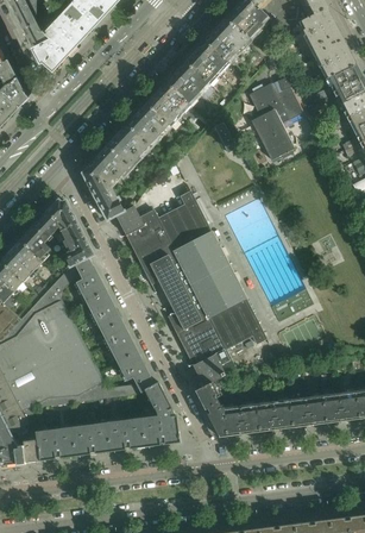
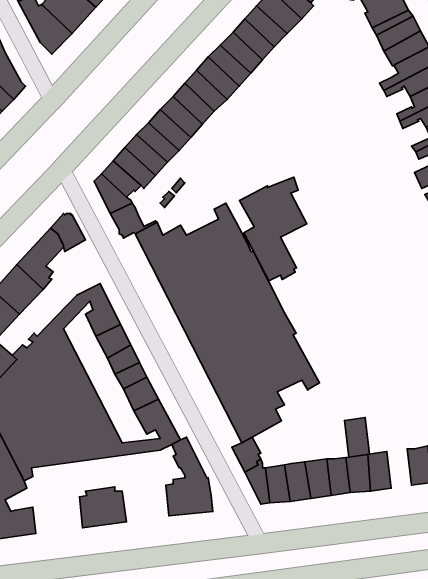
building: [250,75,304,159] -> [240,177,307,281]
building: [61,221,94,266] -> none
building: [322,391,342,424] -> [345,418,369,457]
building: [107,418,145,451] -> none
building: [34,428,75,460] -> none

